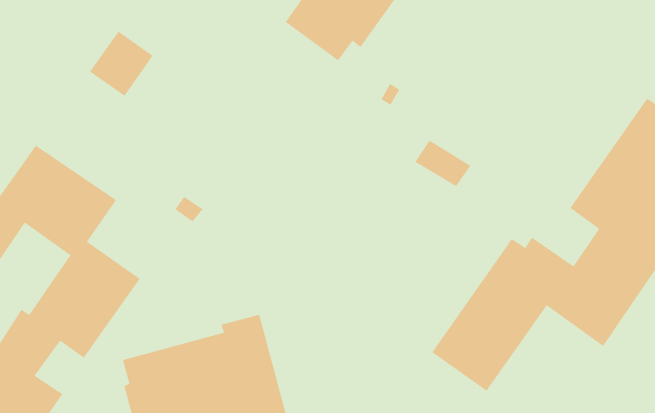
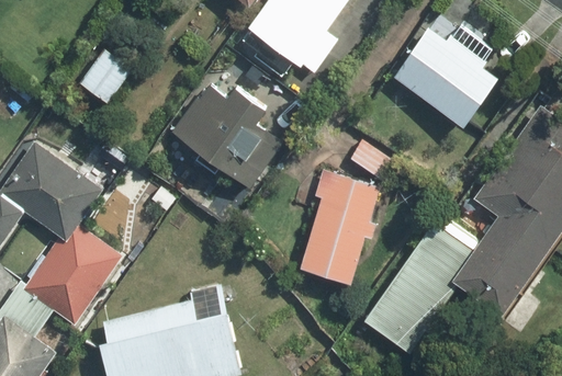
building: none -> [395,31,499,125]
building: none -> [172,88,280,185]
building: none -> [303,173,380,282]

